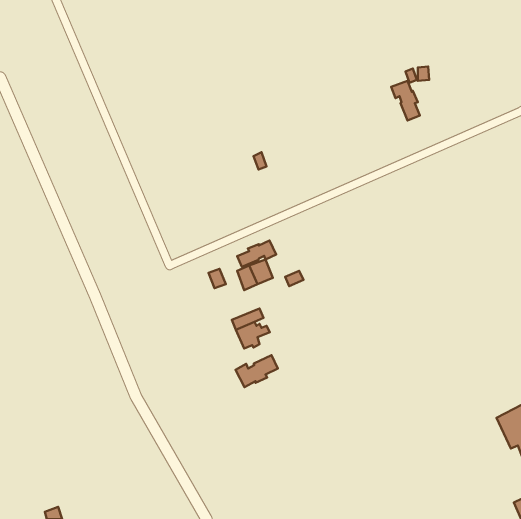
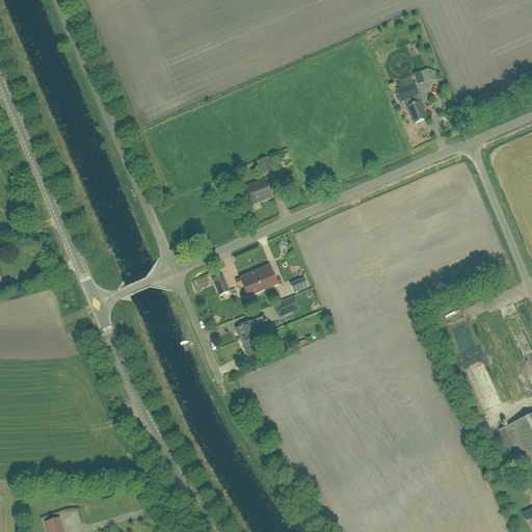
building: none -> [242,178,273,205]
building: [237,241,276,267] -> none
building: [235,355,278,387] -> none

